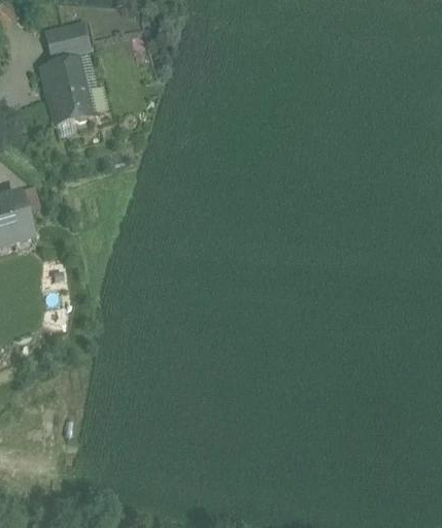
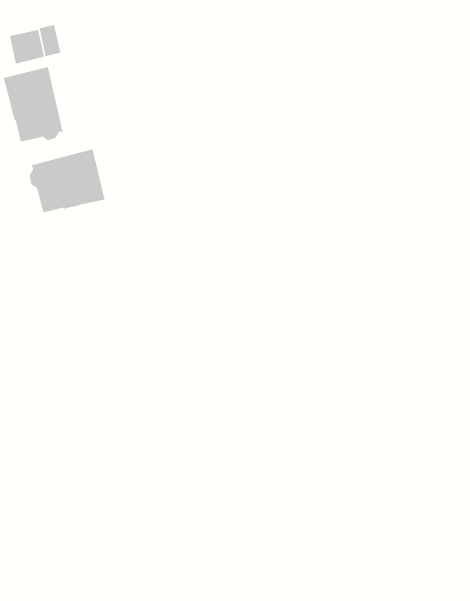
building: none -> [29,149,105,213]

